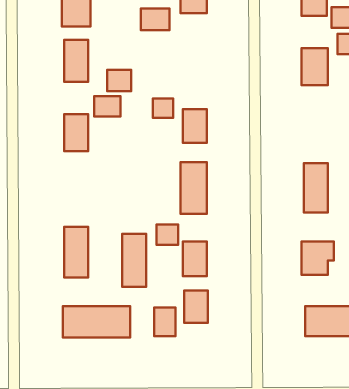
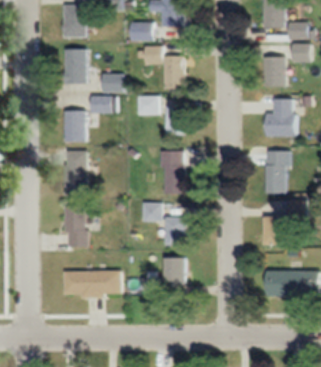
building: none -> [147,47,186,89]
building: none -> [268,99,295,137]
building: [122,234,146,287] -> [67,151,87,195]

